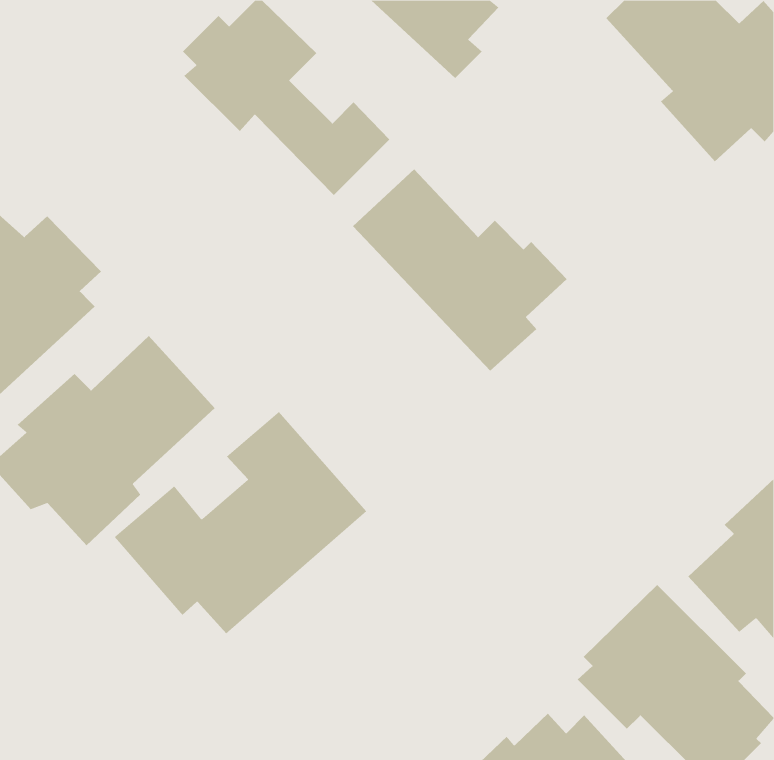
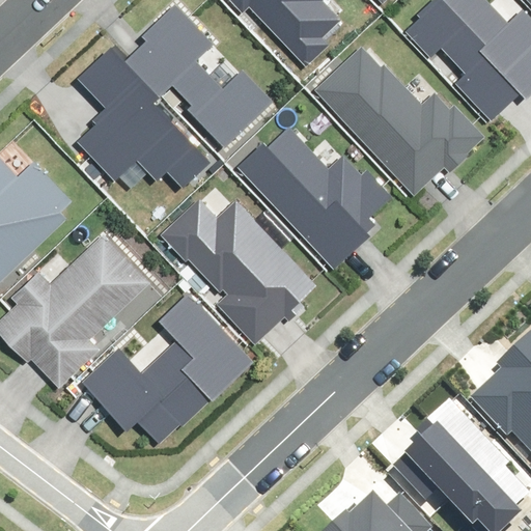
building: none -> [77,46,207,188]
building: none -> [315,50,491,198]
building: none -> [161,197,316,339]

